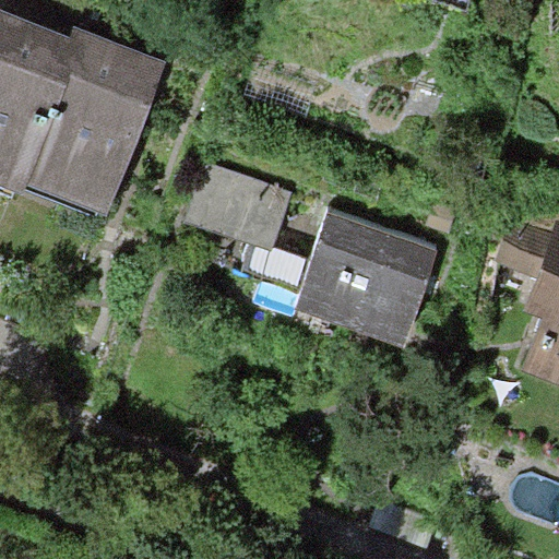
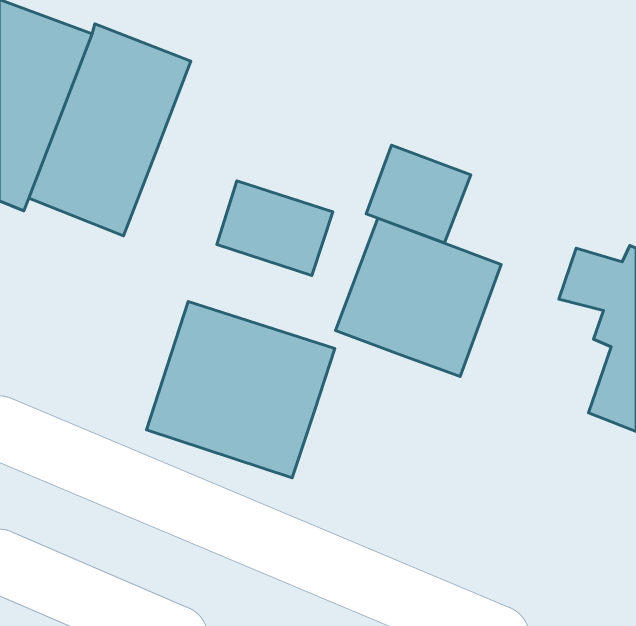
building: none -> [366,145,471,243]
building: none -> [147,302,335,478]

